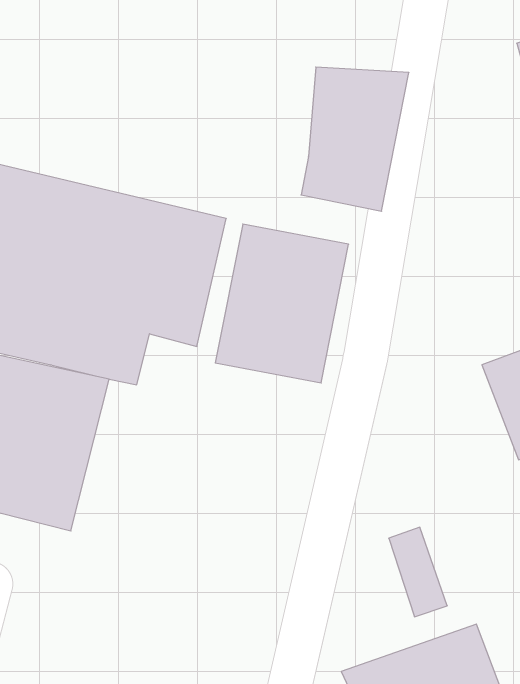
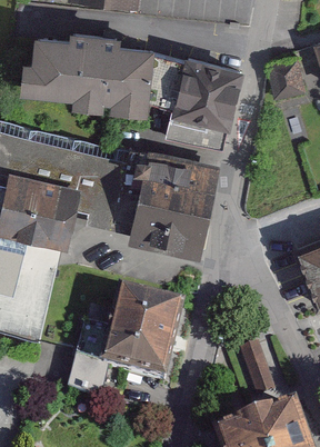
building: none -> [38,36,193,117]
building: none -> [268,61,311,105]
building: none -> [64,281,188,397]

